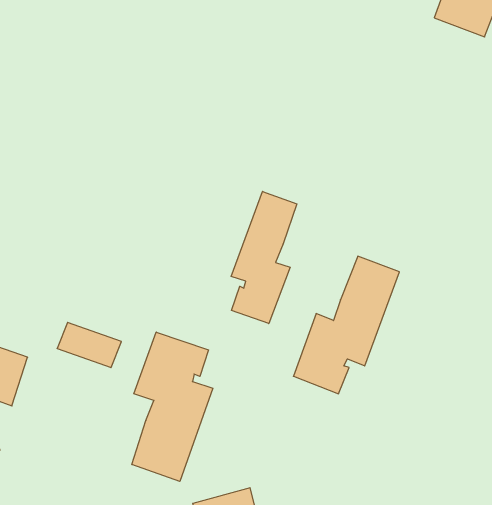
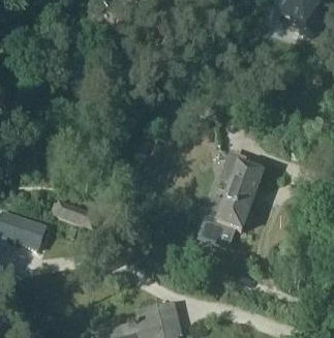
building: [231,191,297,324] -> none
building: [132,332,213,481] -> none

